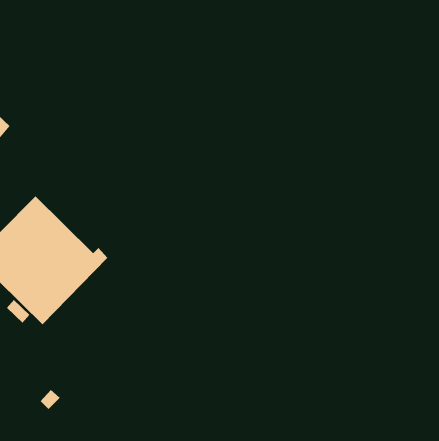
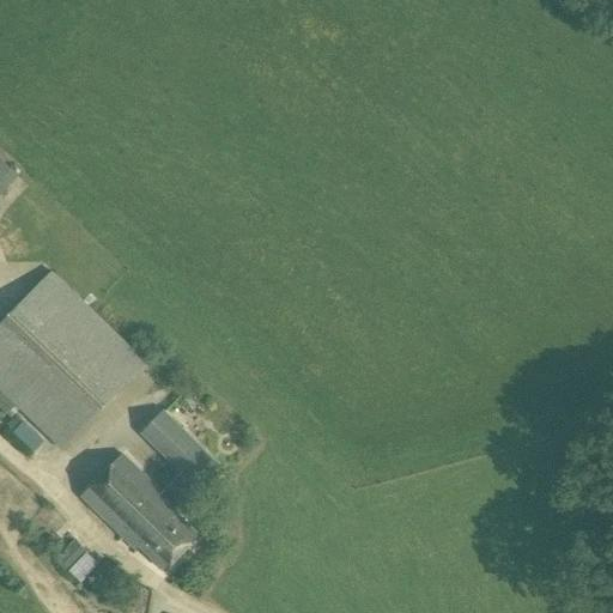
building: none -> [79,411,214,569]

